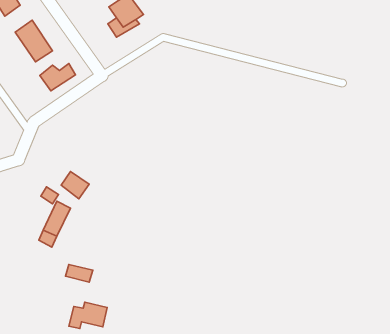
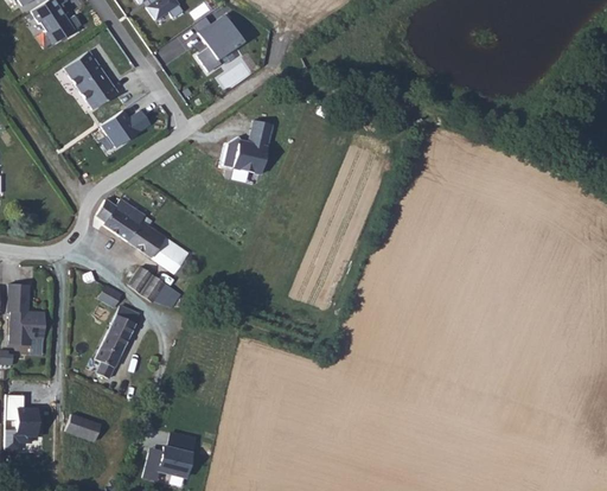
building: none -> [230,122,271,176]
building: none -> [97,195,186,266]
building: [65,264,93,282] -> [69,414,107,439]

